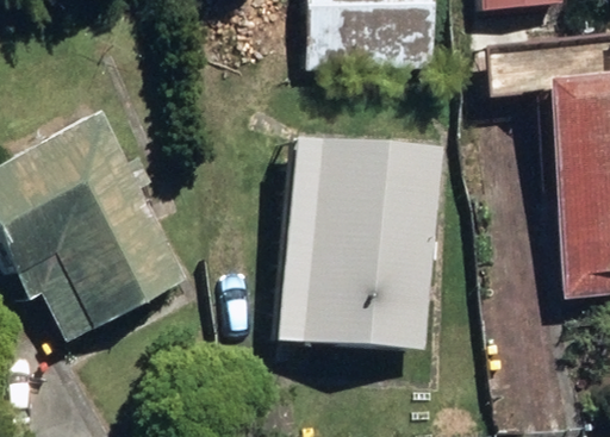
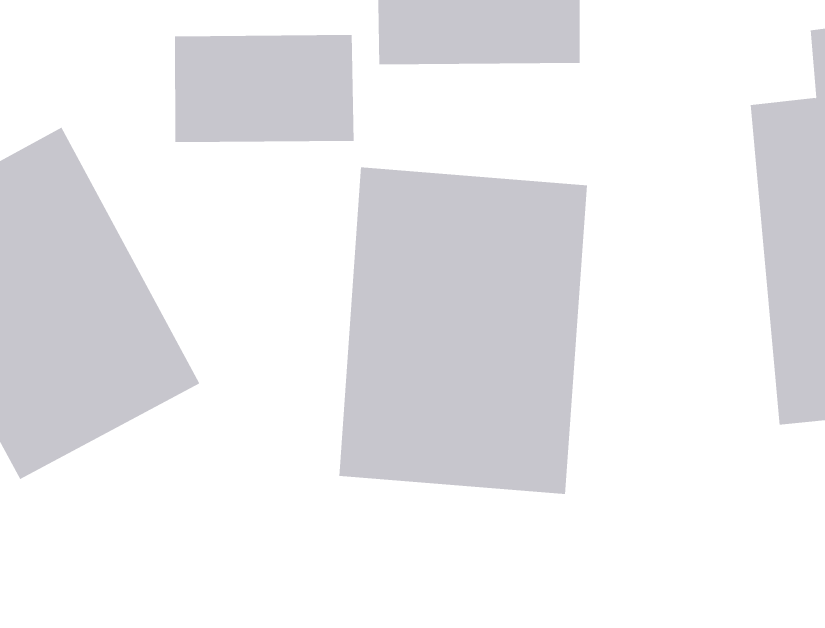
building: none -> [175,34,354,143]

